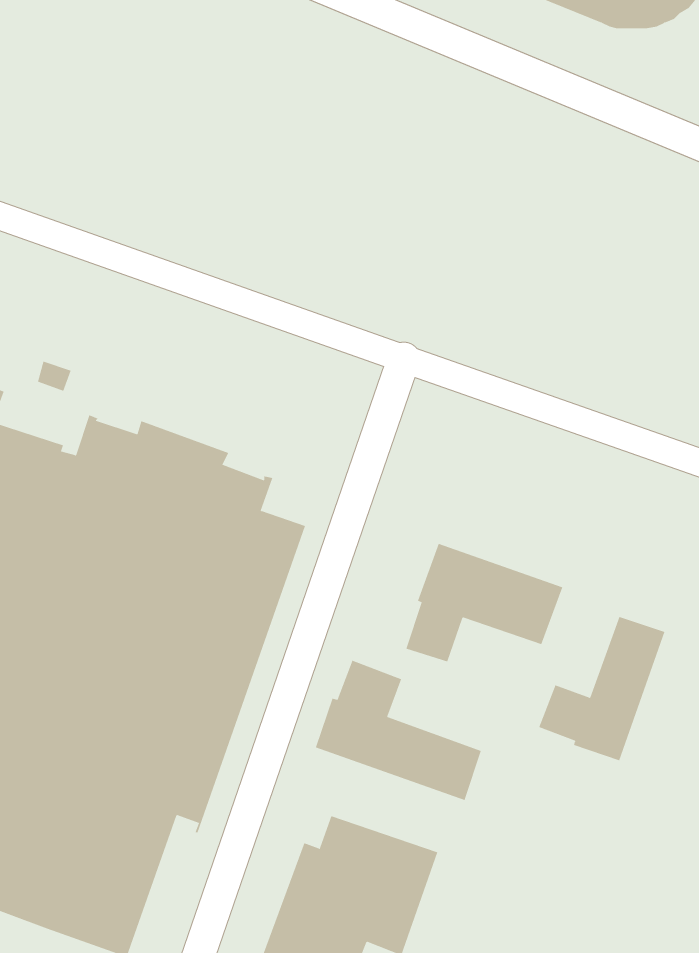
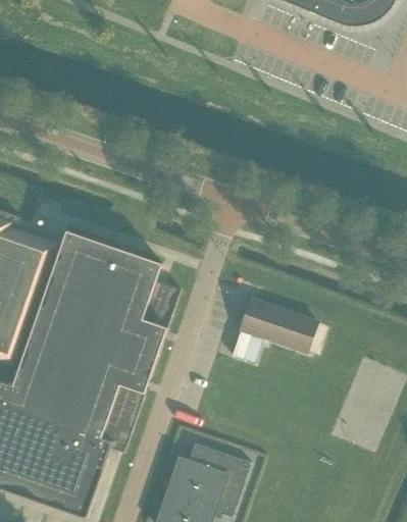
building: [539,616,665,761] -> none
building: [315,660,482,801] -> none

